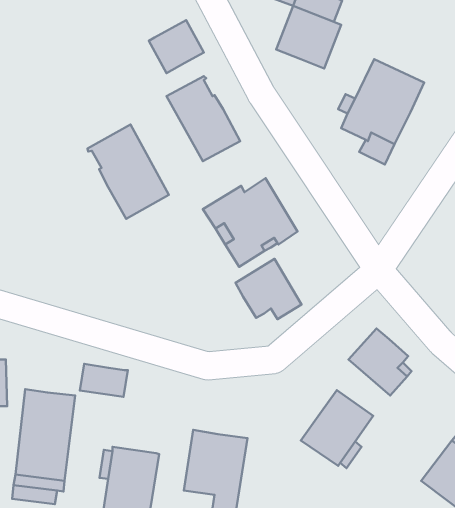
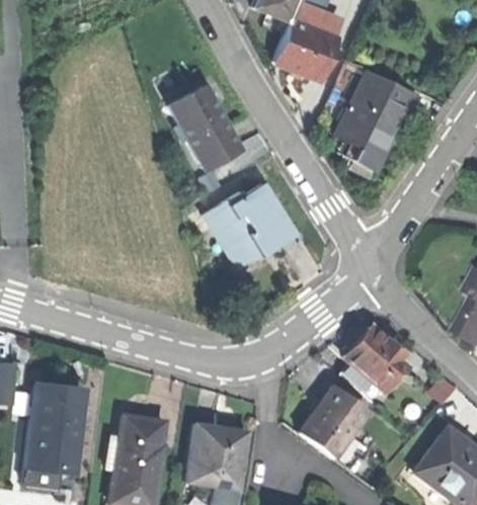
building: [149,20,204,73] -> none
building: [88,124,169,219] -> none
building: [235,259,302,319] -> none
building: [80,364,128,397] -> [118,413,164,444]

